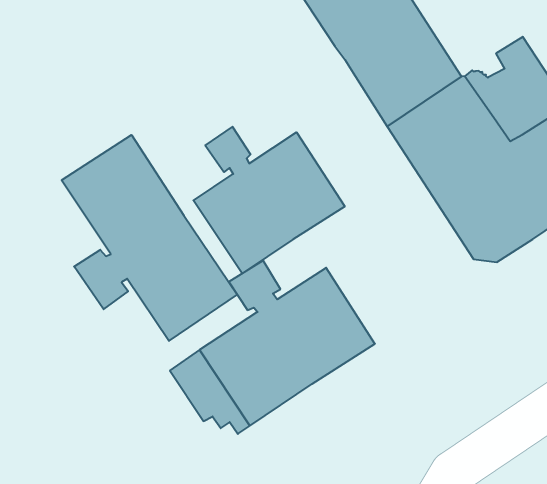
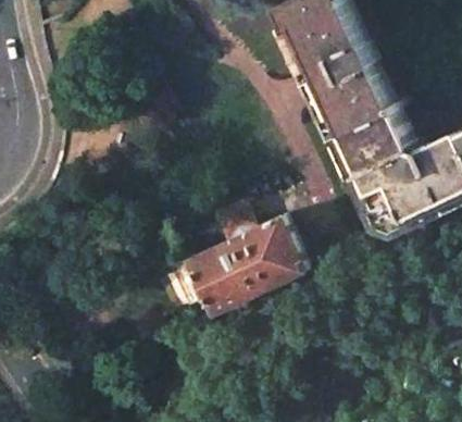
building: [193,127,345,274] -> none
building: [62,135,237,341] -> none

